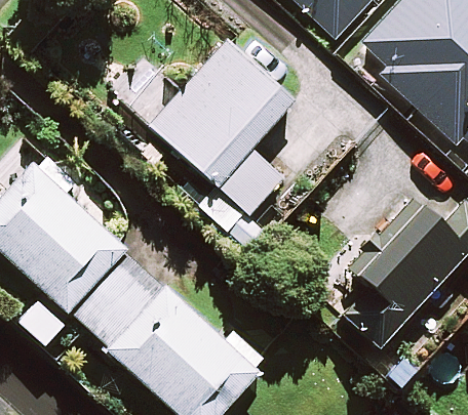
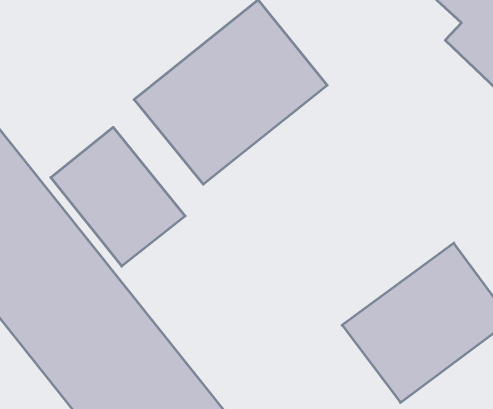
building: none -> [51,127,185,266]

